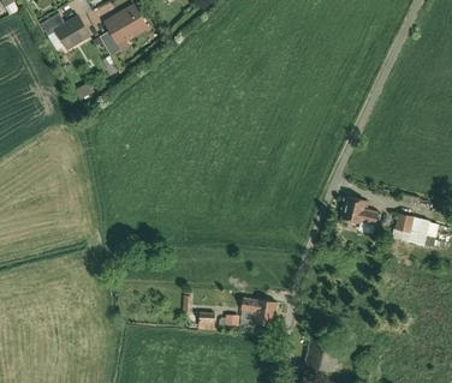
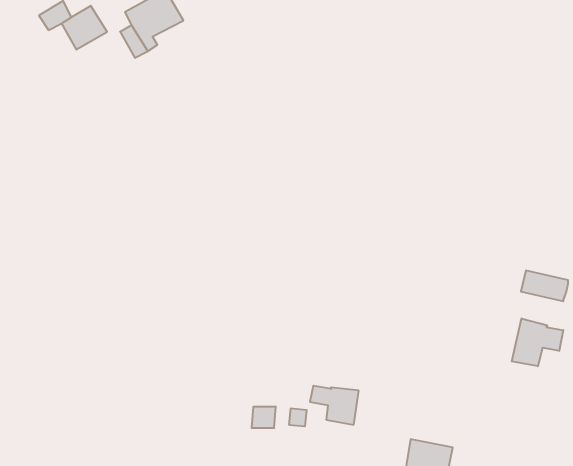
building: [341,196,377,223] -> none
building: none -> [512,318,563,366]

